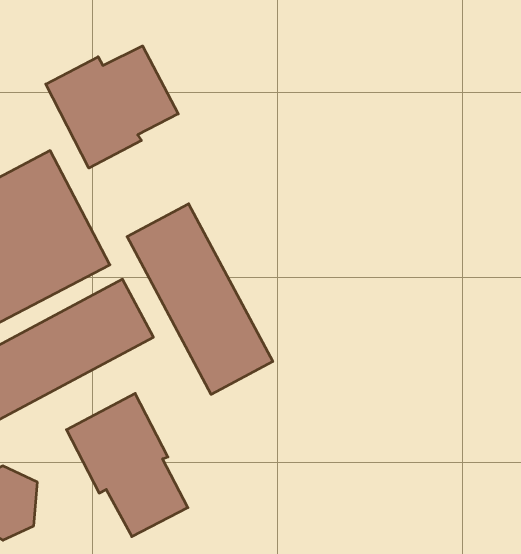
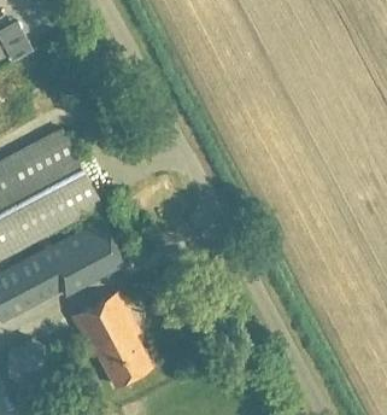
building: [46,46,178,168] -> none
building: [127,204,273,394] -> none

